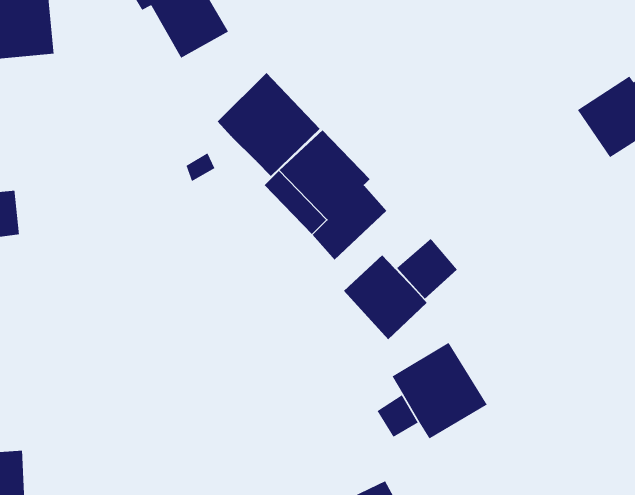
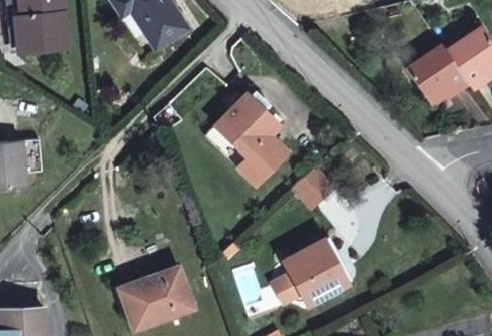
building: [217,72,320,177] -> none
building: [343,255,427,340] -> none
building: none -> [122,268,190,325]

